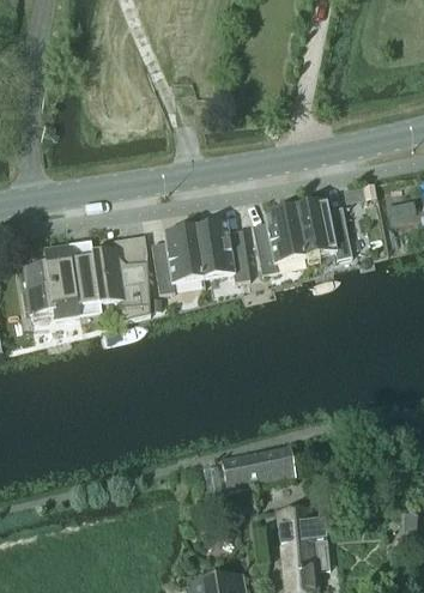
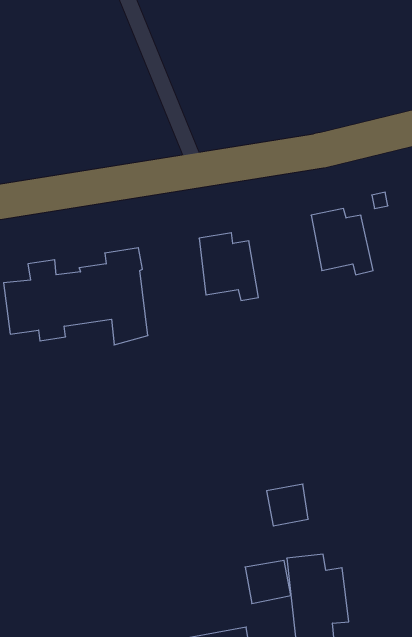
building: [252,205,307,273] -> none
building: [151,225,204,292] -> none
building: [223,449,264,488] -> [245,560,291,604]

